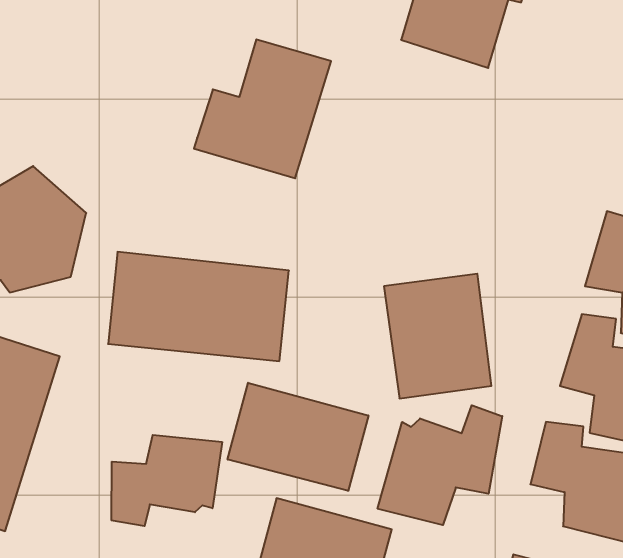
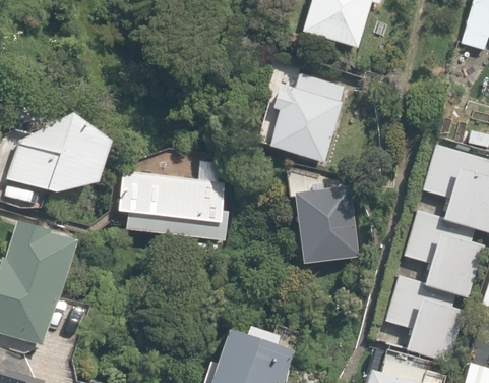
building: [194,39,331,178] -> [258,70,348,161]
building: [228,383,368,491] -> none
building: [378,405,502,525] -> none
building: [112,435,222,526] -> none

